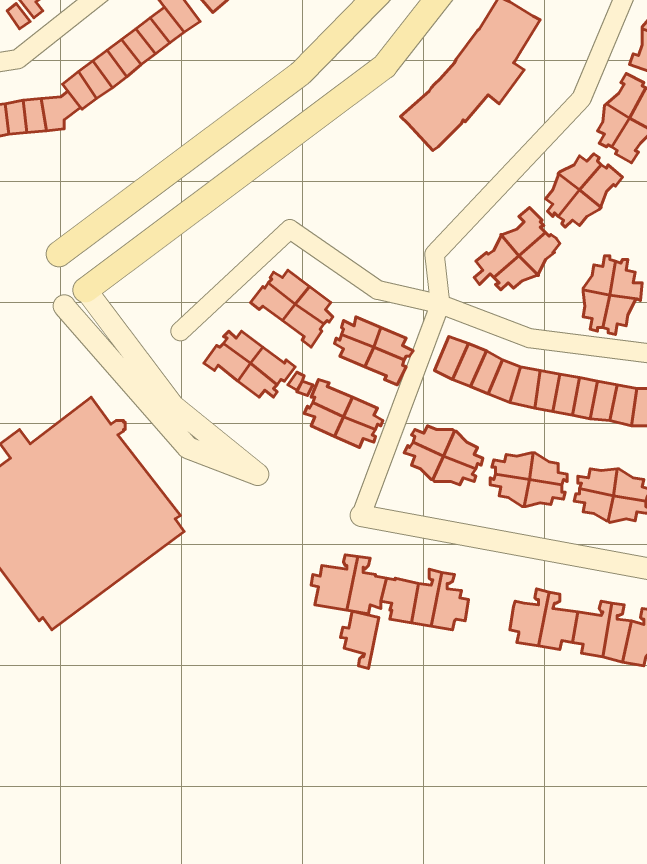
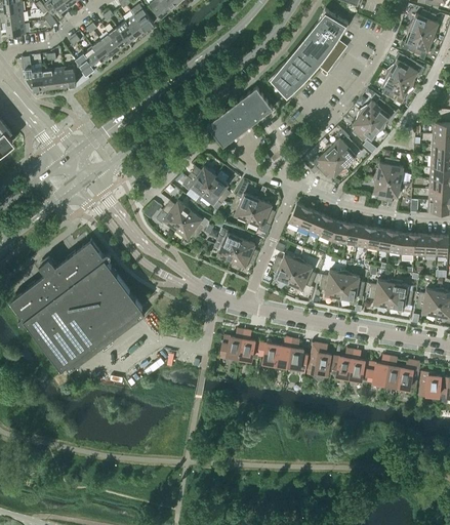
building: none -> [207,87,273,147]
building: none -> [308,342,331,377]
building: [340,611,379,669] -> none

